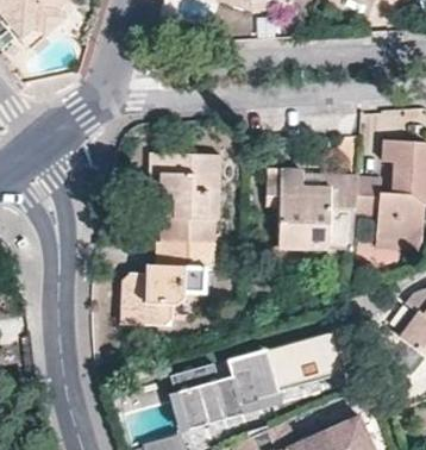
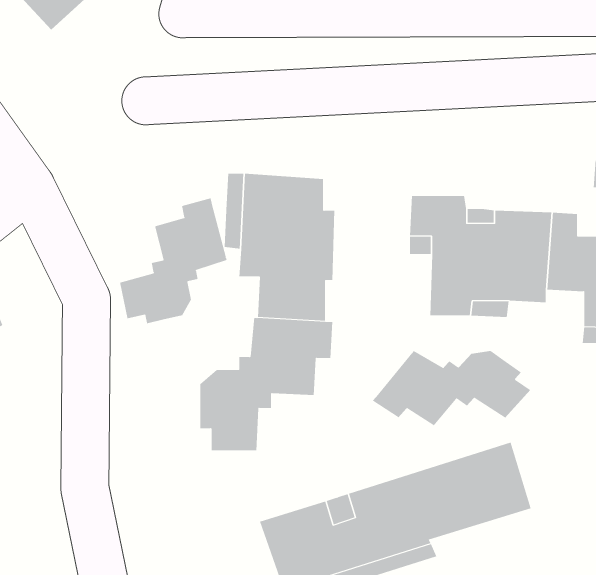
building: none -> [119,197,227,324]
building: none -> [372,350,531,426]

